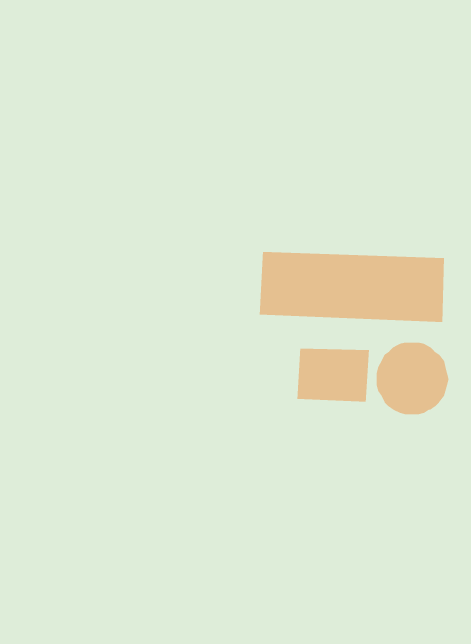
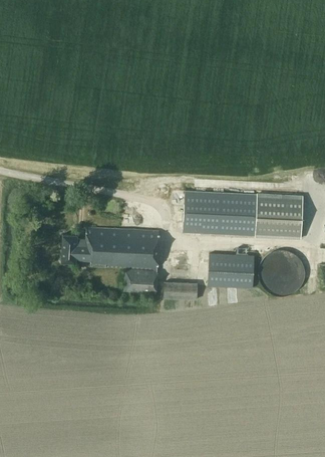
building: none -> [61,227,159,293]
building: none -> [165,281,198,299]

